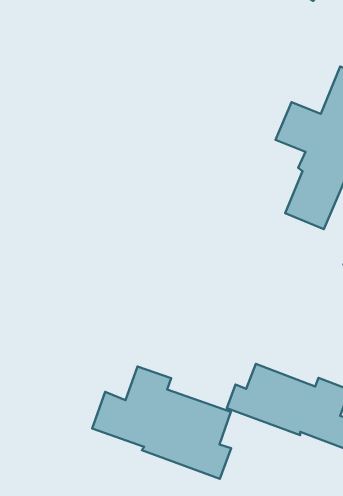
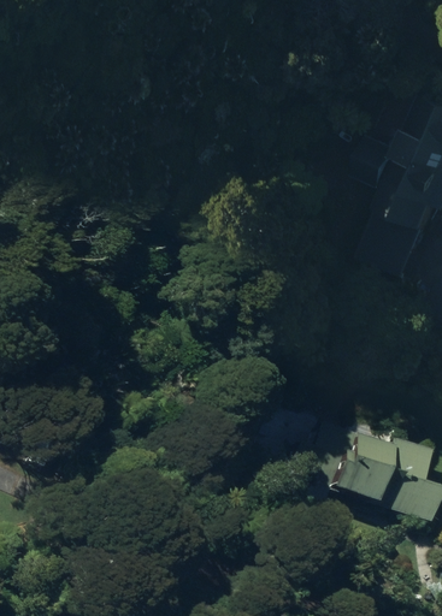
building: [92,366,231,479] -> none

